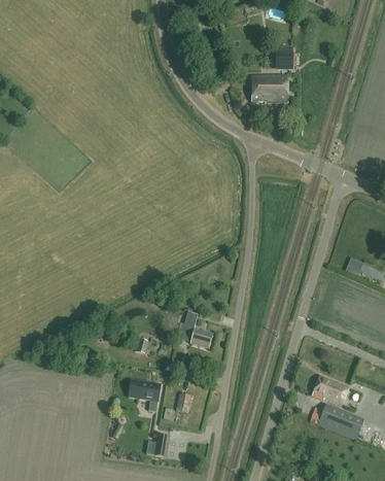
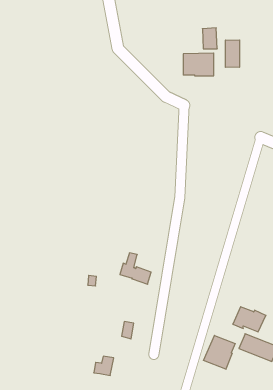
building: none -> [226,40,239,67]
building: [128,379,161,411] -> none
building: none -> [204,335,235,369]

